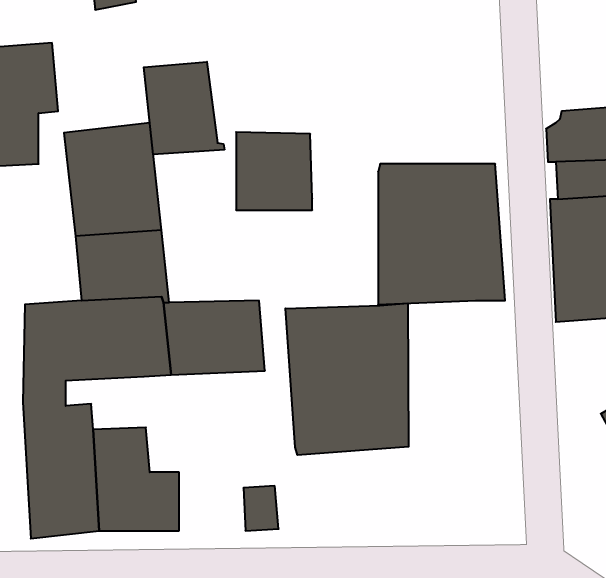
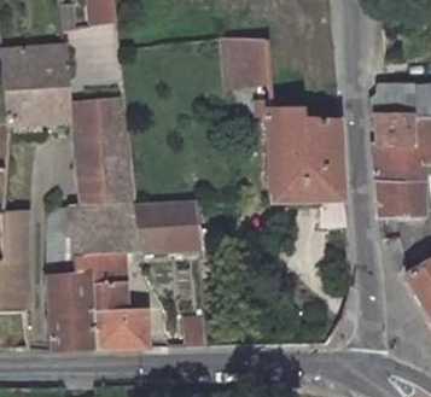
building: [144,62,224,155] -> none
building: [236,132,312,210] -> [220,39,267,87]
building: [285,303,409,455] -> none
building: none -> [74,250,123,282]

